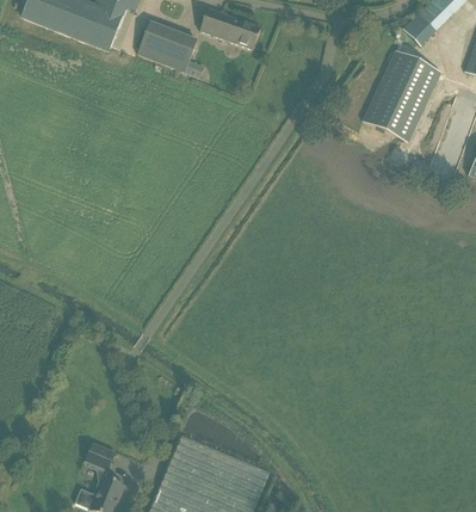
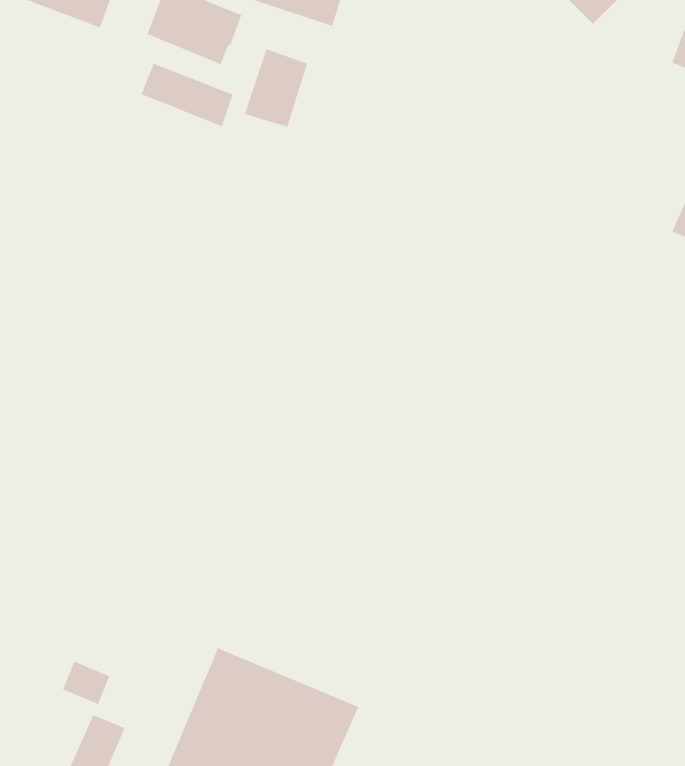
building: [363,50,441,141] -> none
building: none -> [244,49,308,128]
building: none -> [141,63,233,127]

